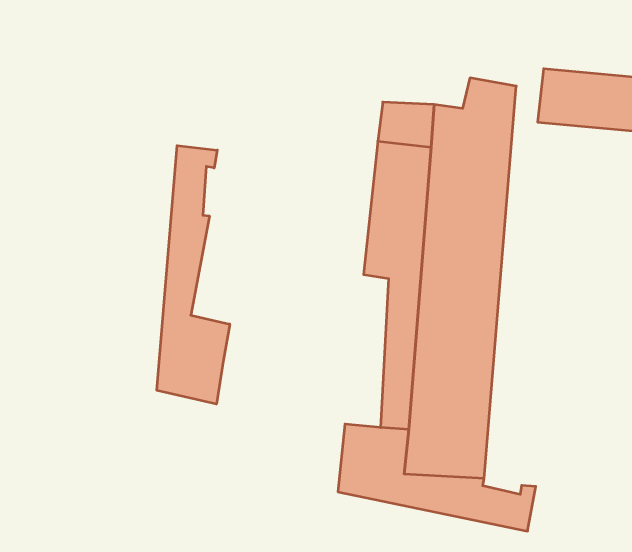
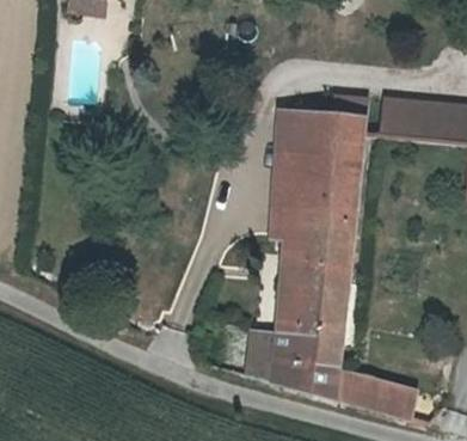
building: [157,146,230,404] -> none
building: none -> [364,376,416,417]

